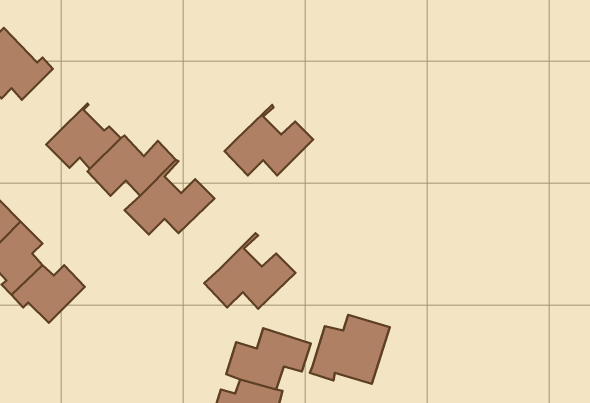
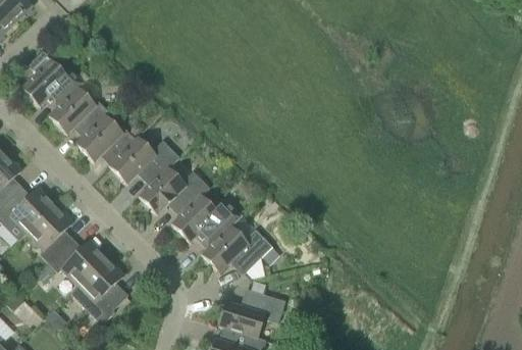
building: none -> [47,83,107,135]
building: [225,105,313,176] -> [170,186,241,242]
building: none -> [69,256,126,323]
building: [310,315,390,384] -> none

